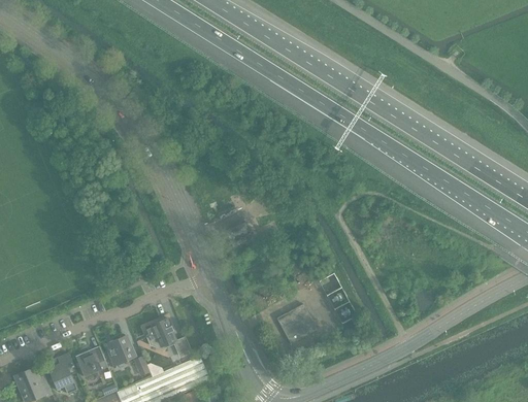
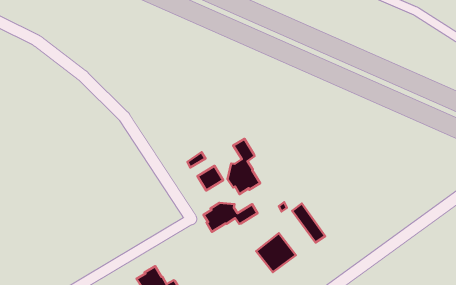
building: none -> [228,139,260,194]
building: none -> [203,203,258,232]

